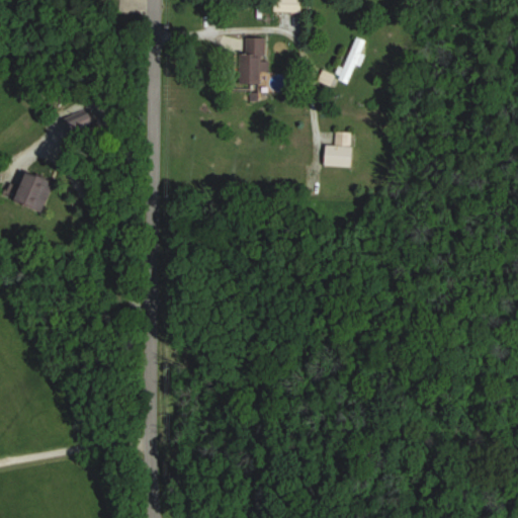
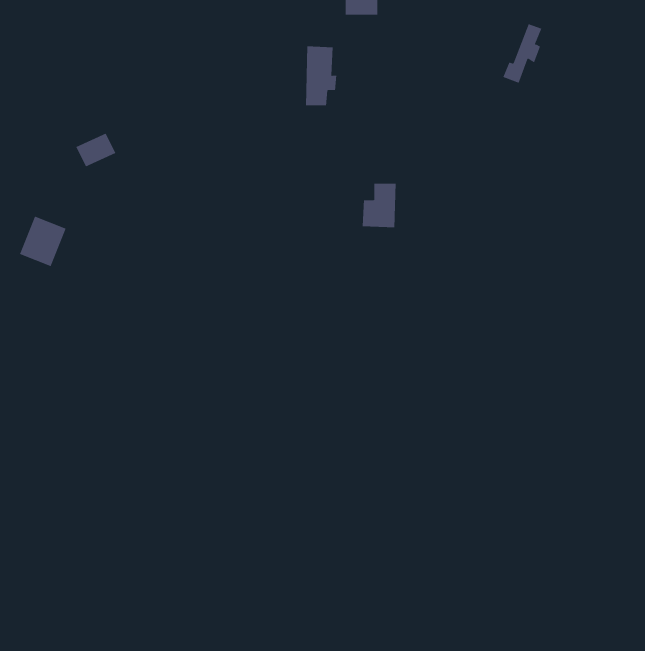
building: [334,35,365,83] -> [503,23,542,83]
building: [324,132,351,167] -> [362,183,396,228]

